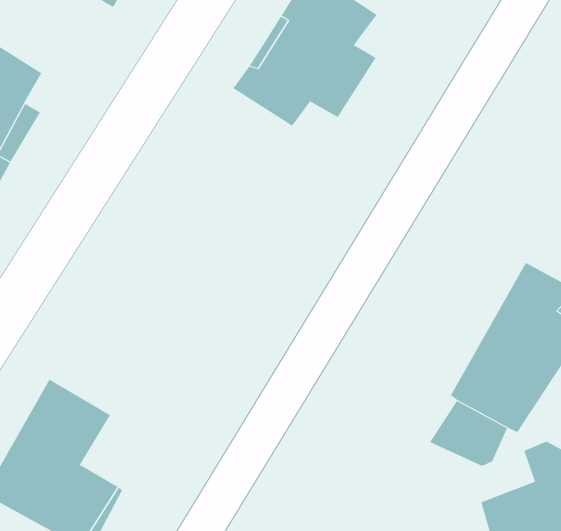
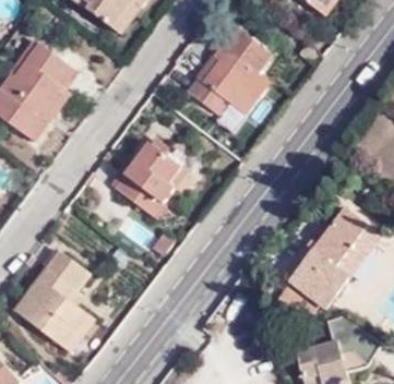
building: none -> [111,141,180,216]

